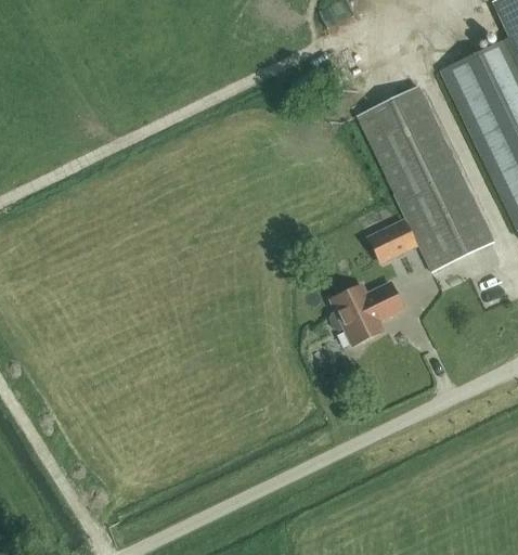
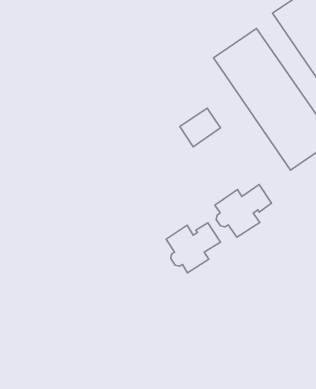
building: [367,218,418,263] -> [180,108,221,147]
building: none -> [166,223,221,273]

